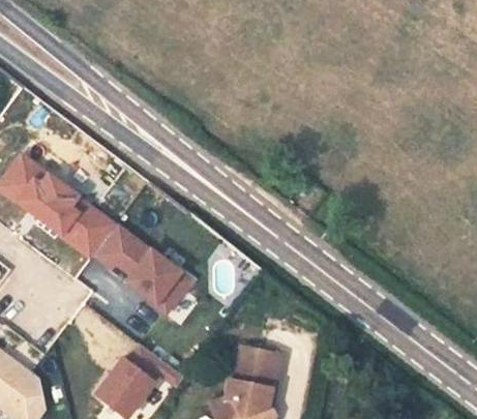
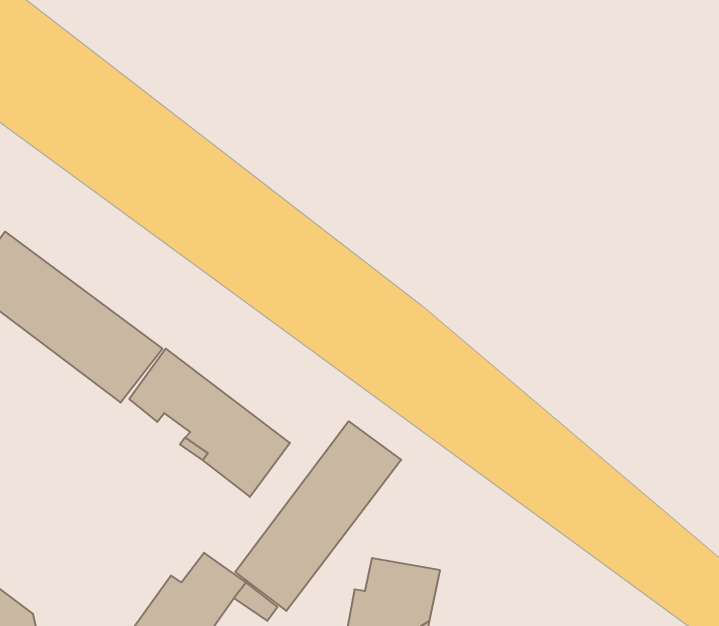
building: none -> [235,421,401,611]

